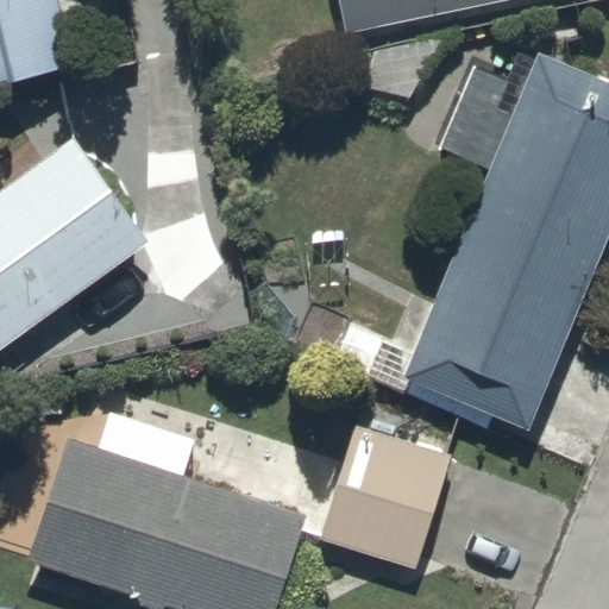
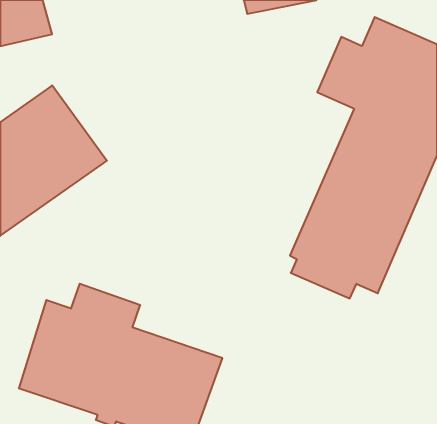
building: [320,429,450,573] -> none

